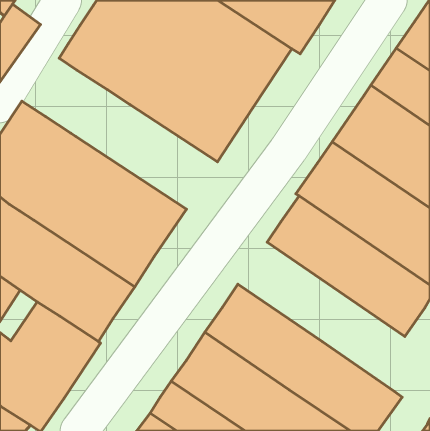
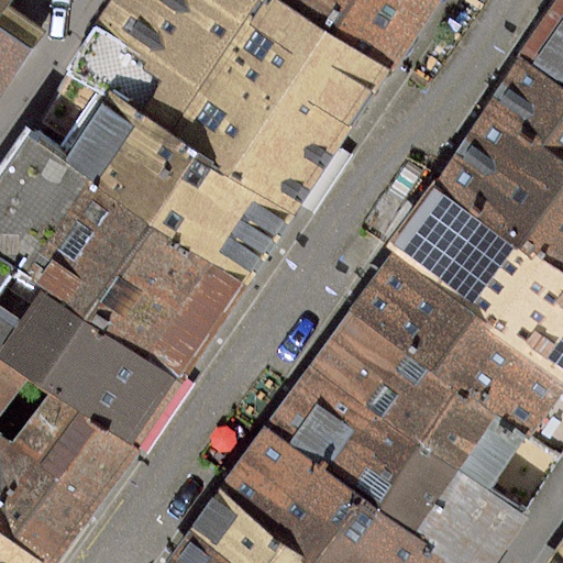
building: none -> [46,76,284,273]
building: none -> [310,316,553,510]

